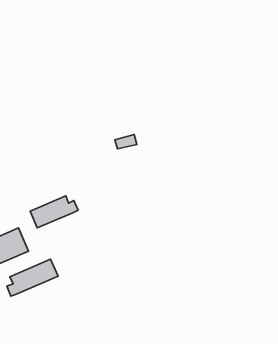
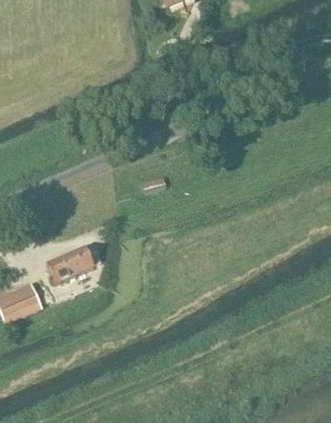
building: [7,259,58,296] -> none

